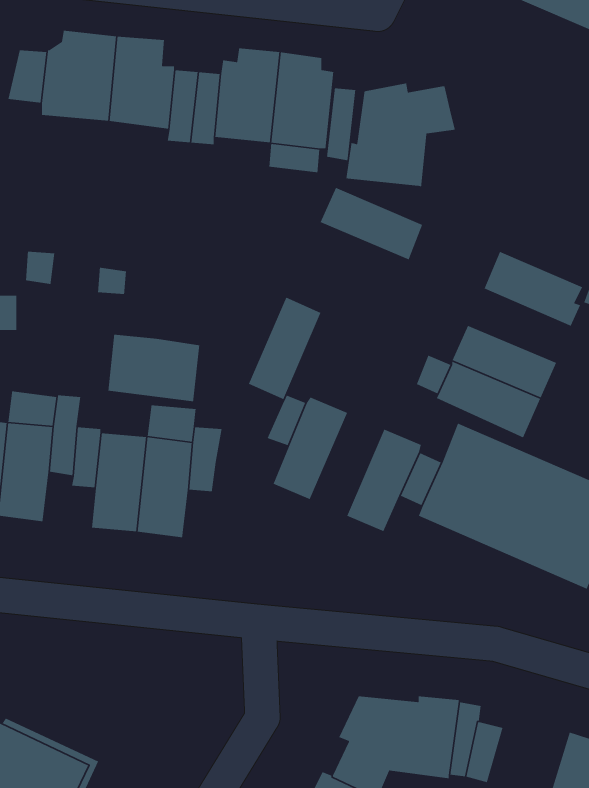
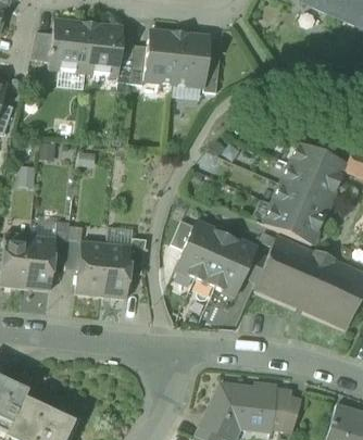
building: [346,83,456,187] -> none
building: [320,187,423,260] -> [280,163,337,203]
building: [248,297,322,400] -> [195,230,235,287]
building: [108,334,200,402] -> none

